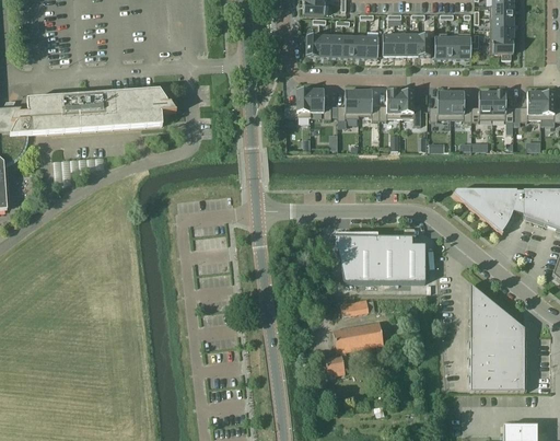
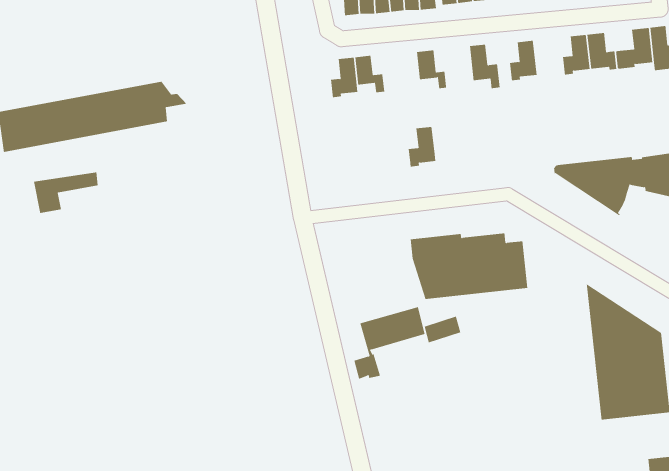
building: [338,89,359,118] -> [408,126,436,167]
building: [380,89,400,118] -> none
building: [451,90,471,119] -> none
building: [326,323,384,374] -> [354,307,426,380]

